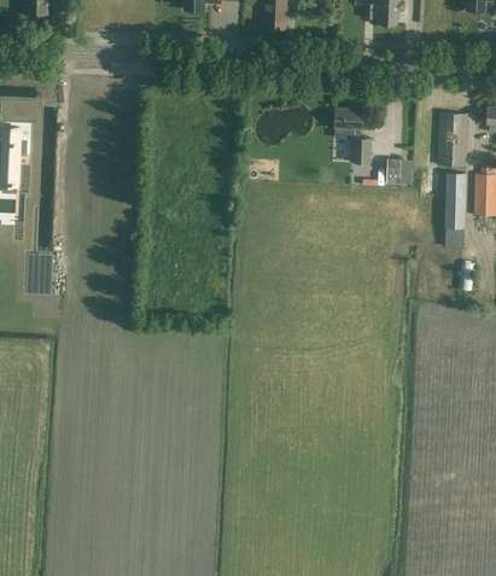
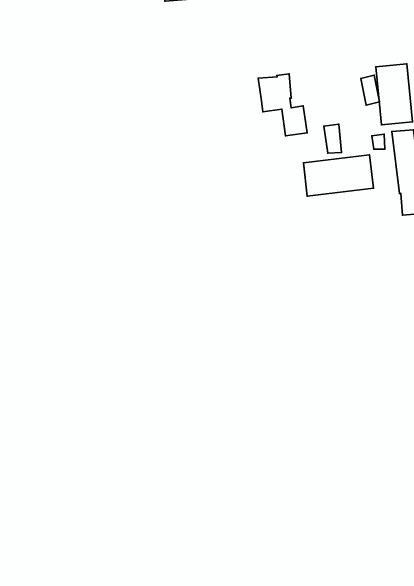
building: none -> [303,155,374,196]

